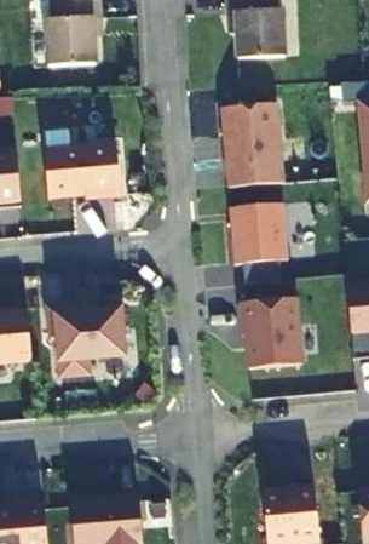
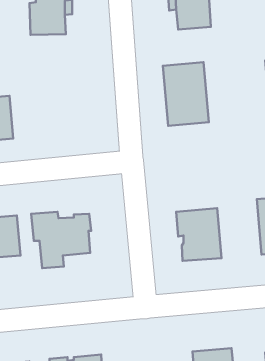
building: [45,143,121,196] -> none
building: [229,202,287,284] -> none

